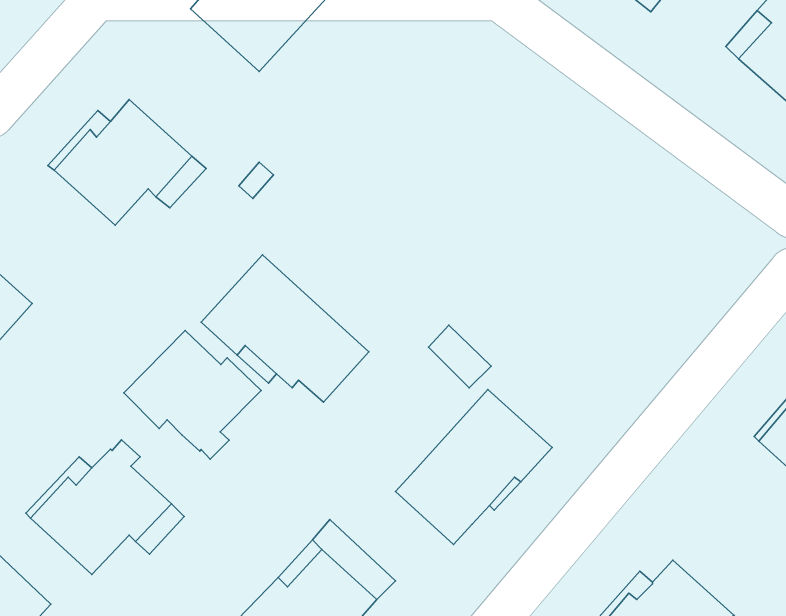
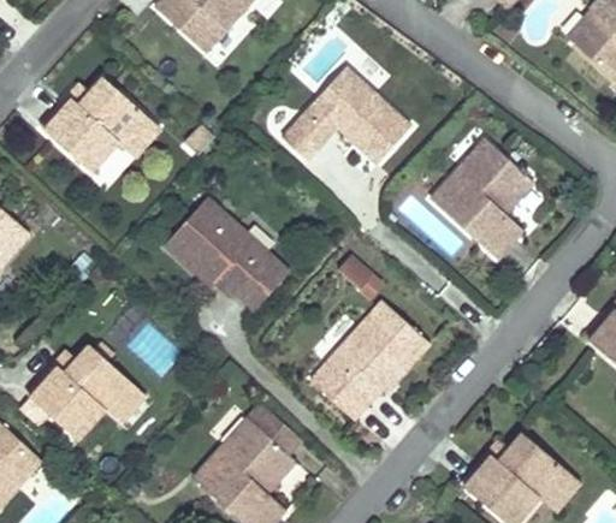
building: none -> [282,70,411,166]
building: none -> [431,137,534,258]
building: [124,331,261,459] -> none

